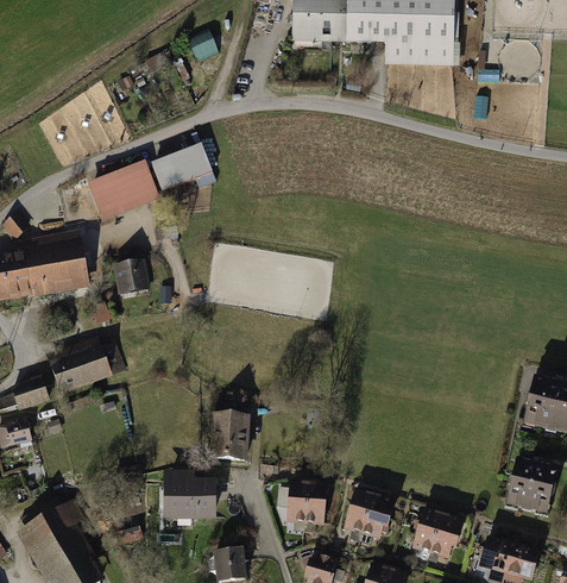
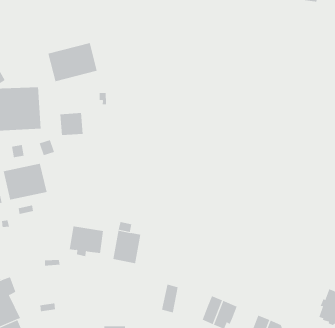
building: [150,144,210,190] -> none
building: [166,482,212,522] -> [69,226,104,257]
building: [305,484,326,522] -> none

